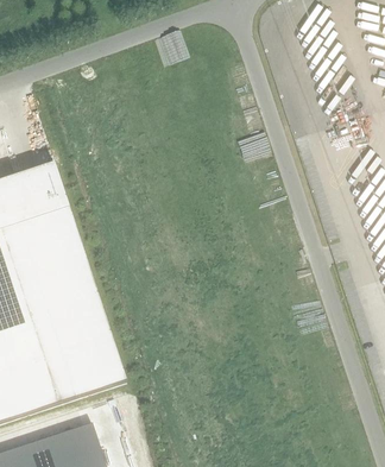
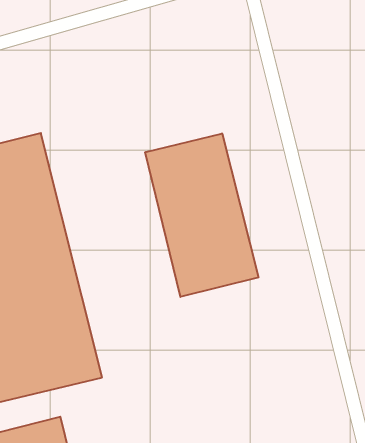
building: none -> [145,133,258,297]

